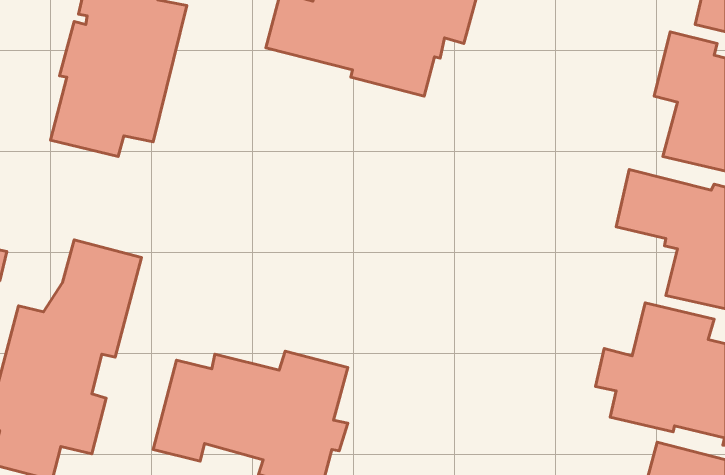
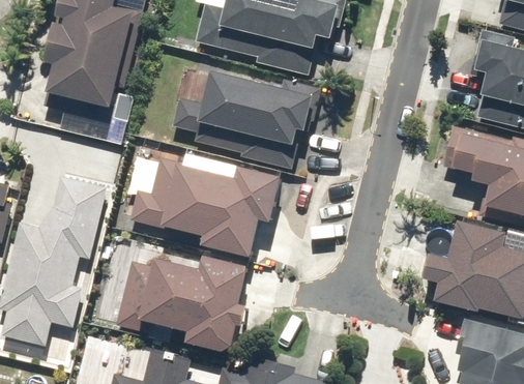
building: none -> [171,70,320,170]
building: none -> [129,158,286,257]

